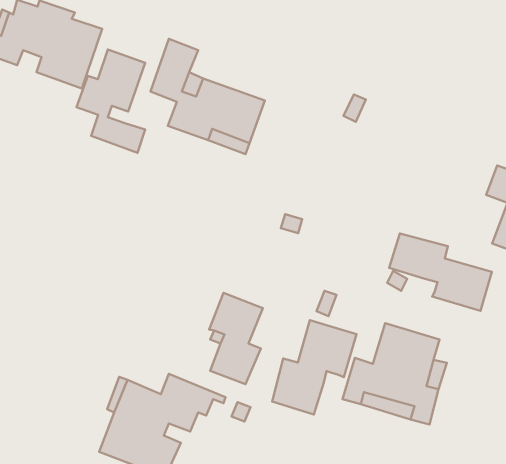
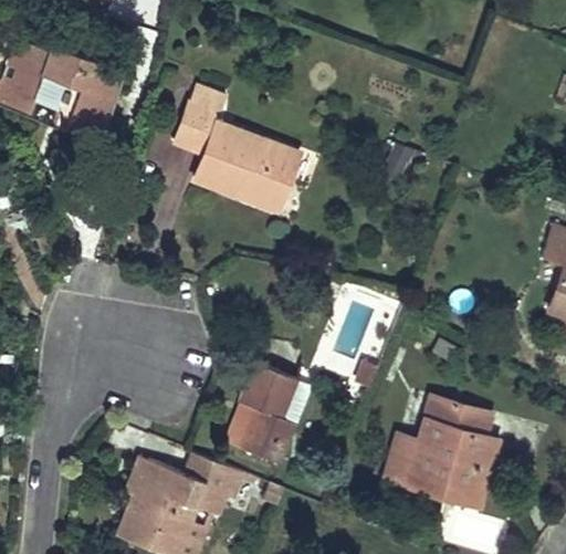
building: [76,49,145,153] -> none
building: [389,233,492,311] -> none
building: [272,320,357,414] -> none

